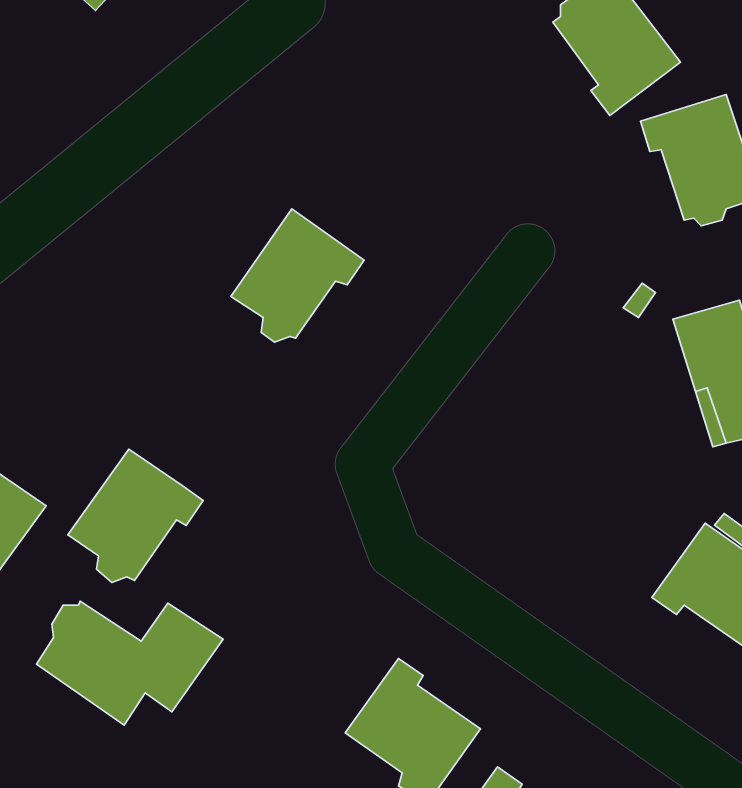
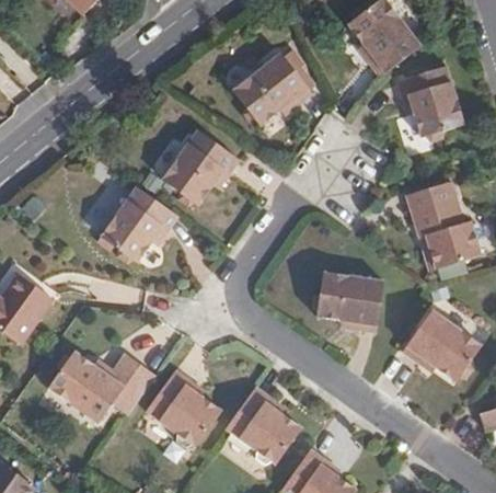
building: none -> [230,53,310,126]
building: [68,449,203,583] -> [99,185,176,262]
building: none -> [309,270,382,330]
building: none -> [146,369,221,448]

